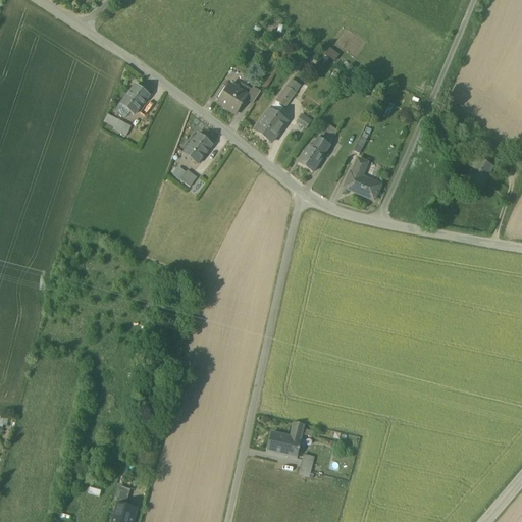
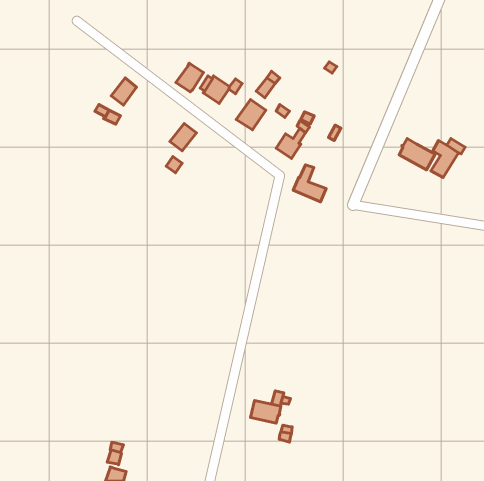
building: none -> [176,63,203,92]
building: none -> [399,138,435,170]
building: [346,157,381,197] -> [293,165,326,202]

